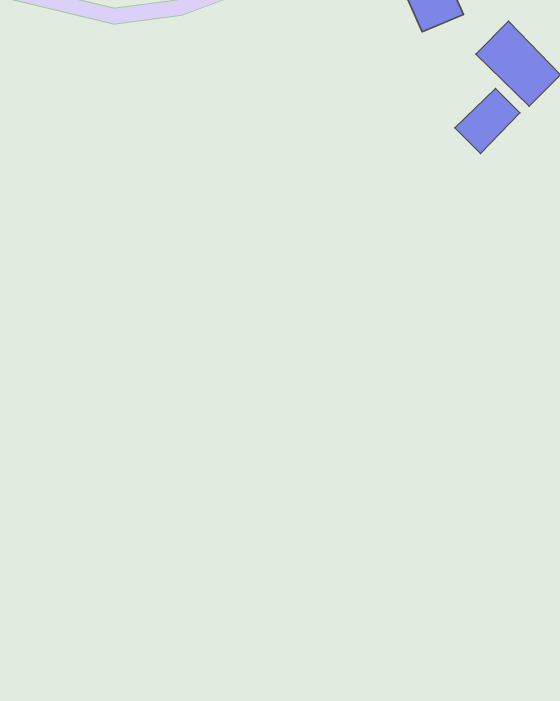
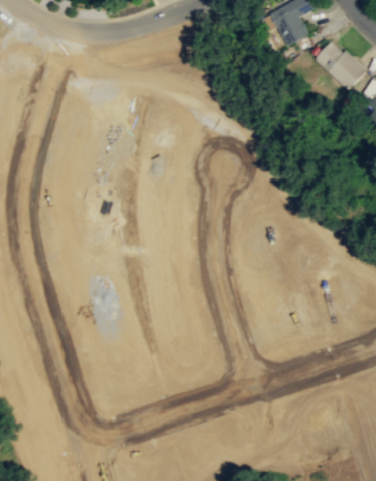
building: [455,88,520,153] -> none

